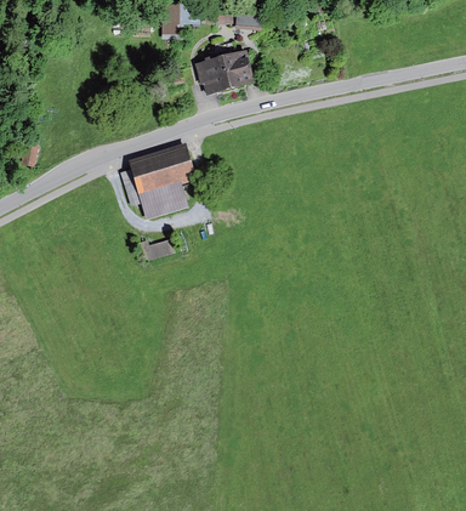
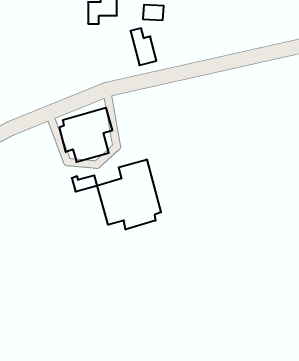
building: [197,42,231,96] -> none
building: none -> [97,159,161,230]

